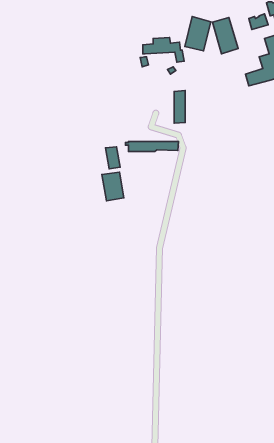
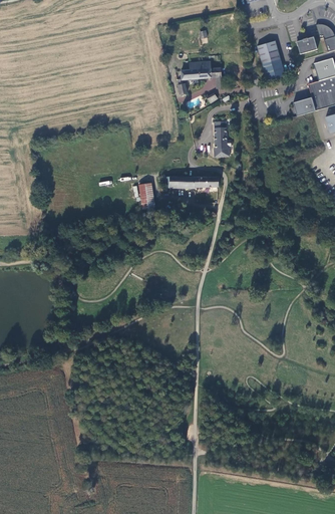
building: [185,16,211,51] -> none
building: [102,172,124,201] -> none

